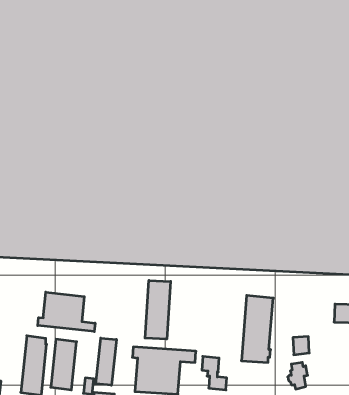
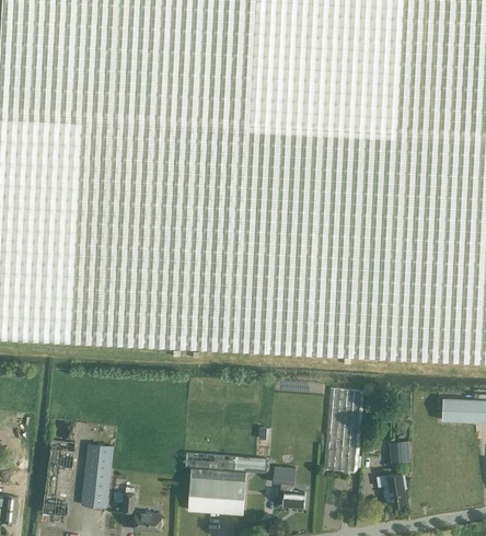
building: [145,280,171,339] -> none
building: [38,292,95,332] -> none
building: [96,338,116,385] -> none

